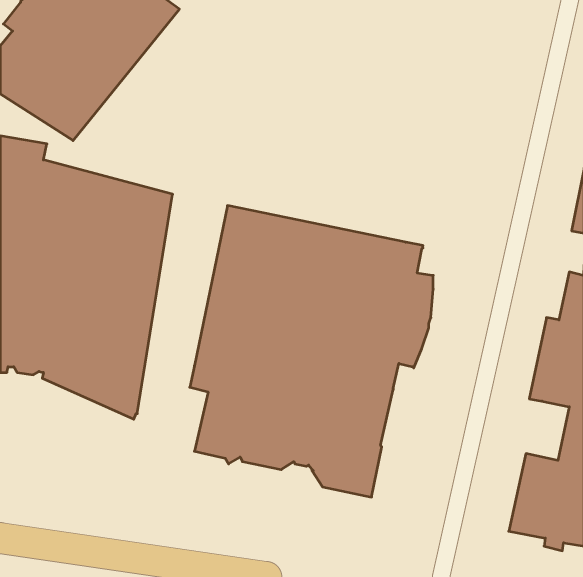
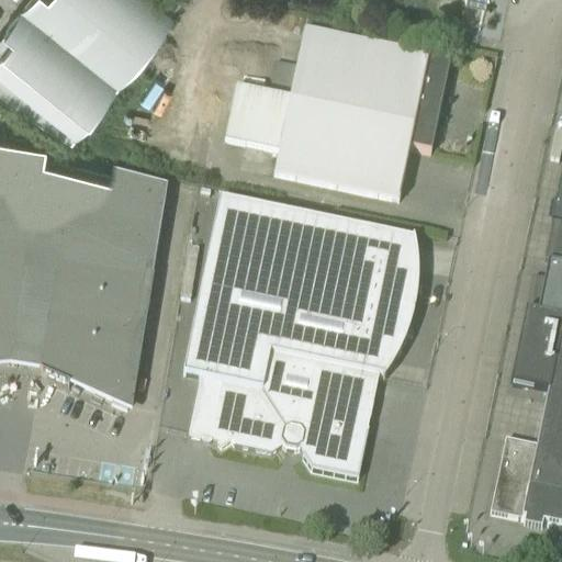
building: none -> [225,25,450,198]

